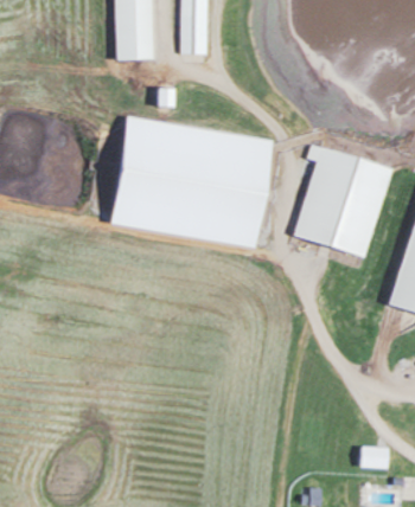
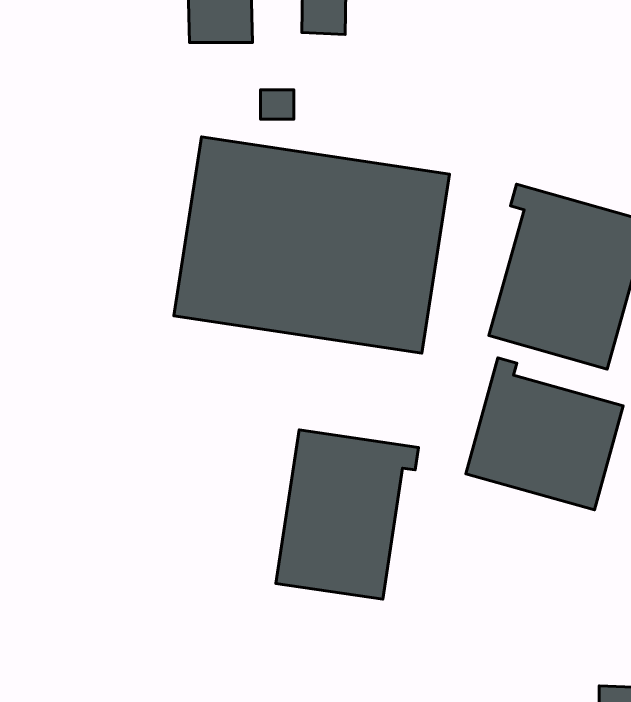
building: none -> [466,358,623,510]
building: none -> [276,430,419,599]

